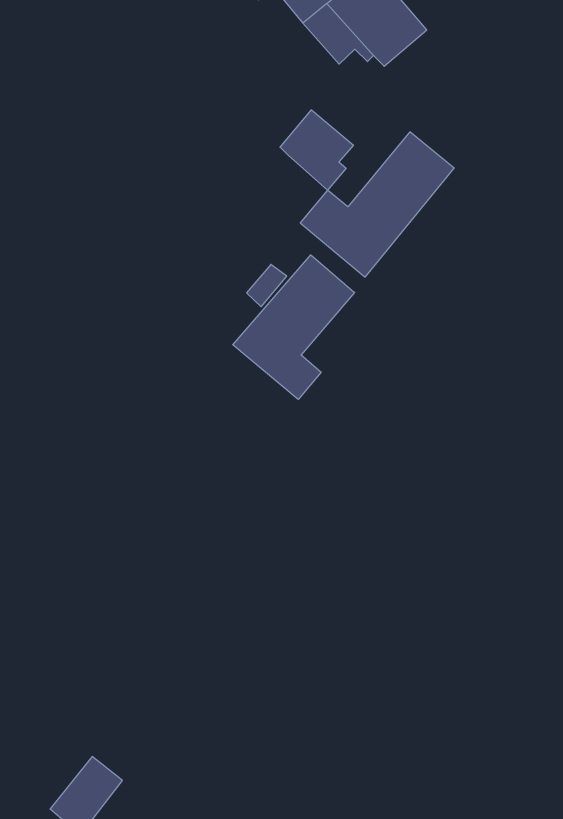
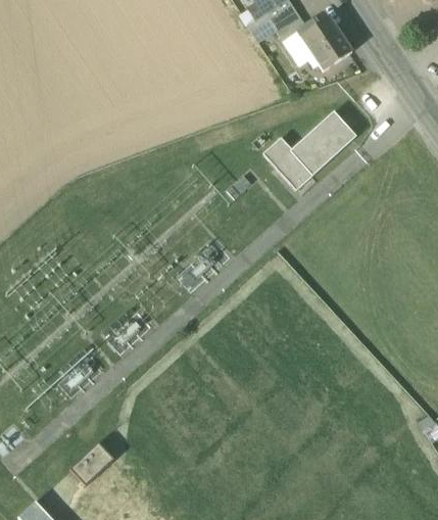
building: [280,110,353,190] -> none
building: [233,255,355,399] -> none

